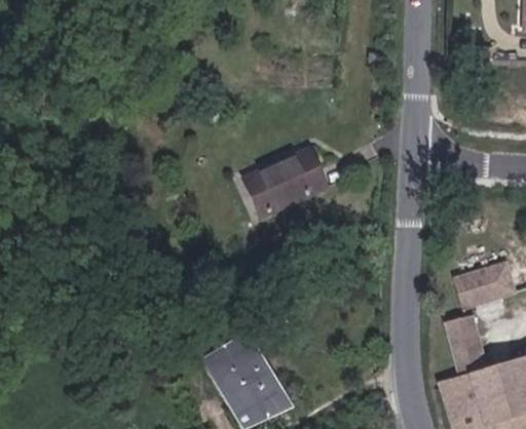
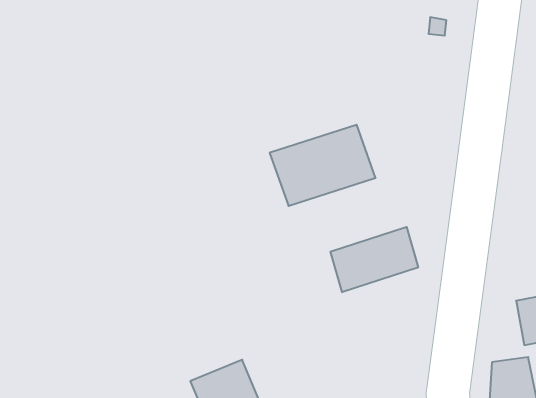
building: none -> [330,227,418,292]

